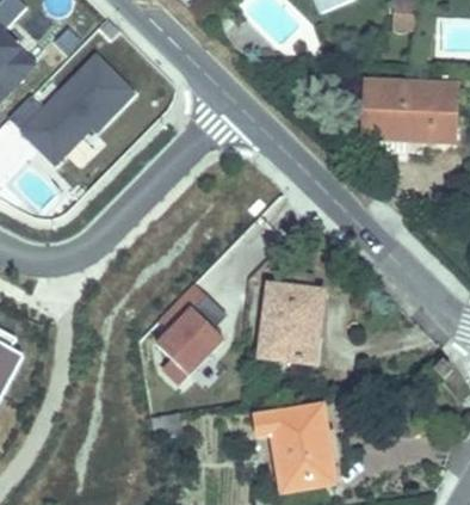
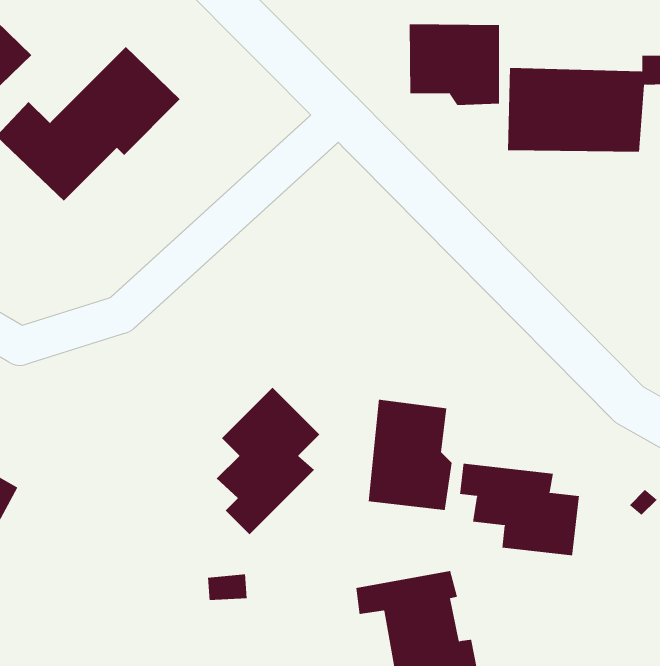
building: none -> [409,23,500,106]
building: none -> [460,463,579,556]

